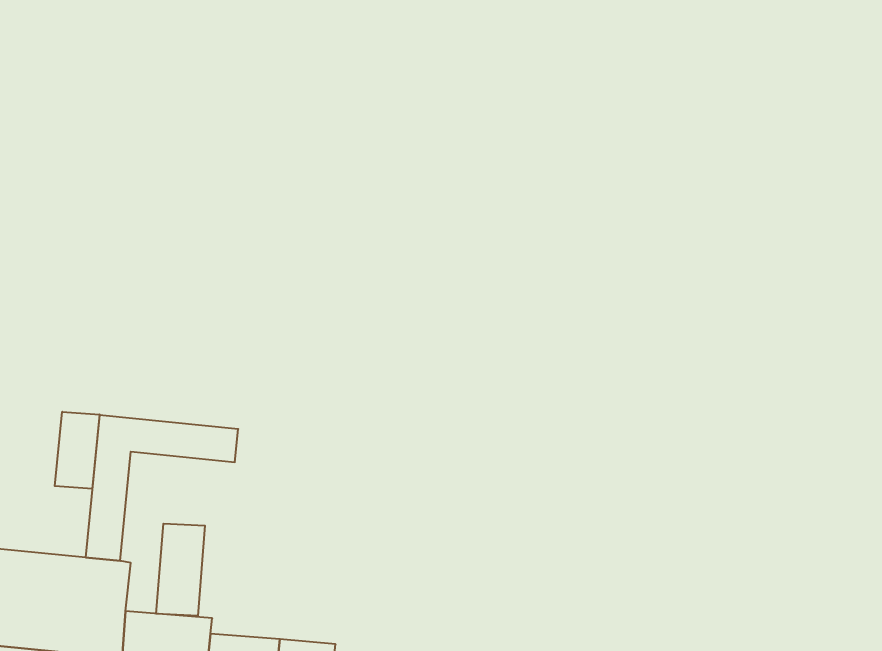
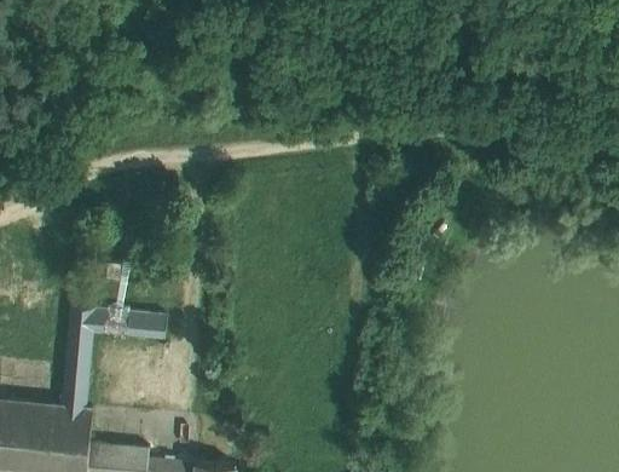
building: [55,412,100,489] -> none
building: [156,524,205,616] -> none

